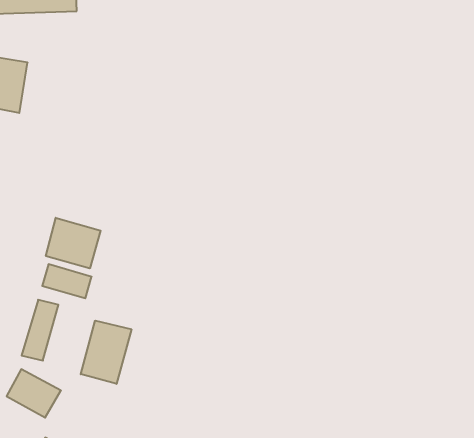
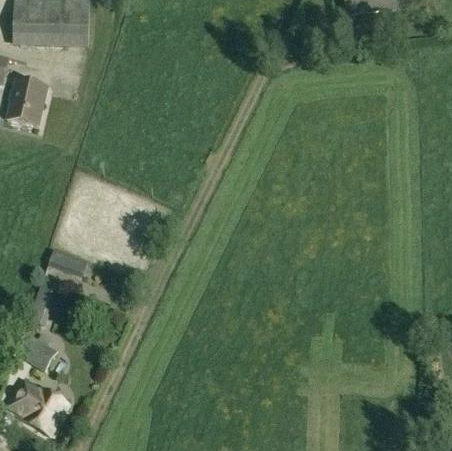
building: [46,218,101,268] -> none
building: [81,321,131,384] -> none

